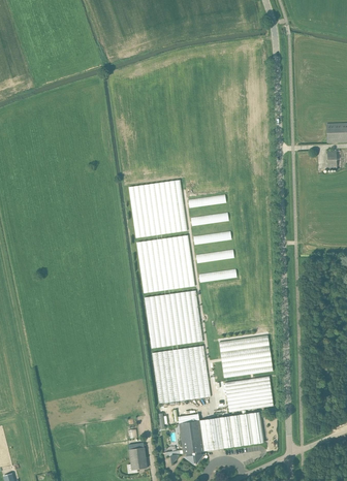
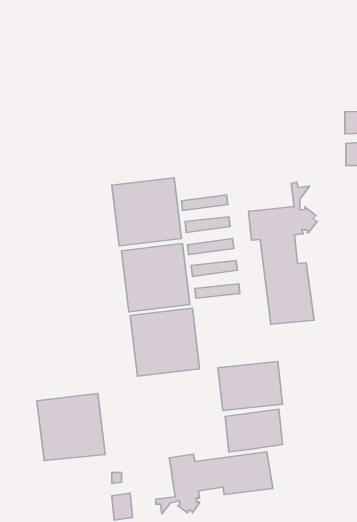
building: none -> [248,182,317,324]
building: [153,346,211,403] -> [37,394,105,461]

